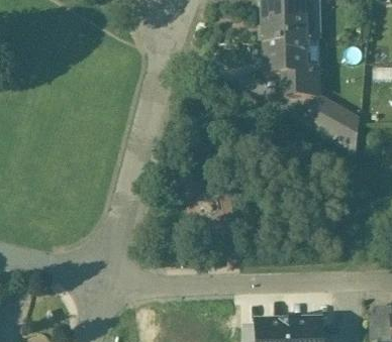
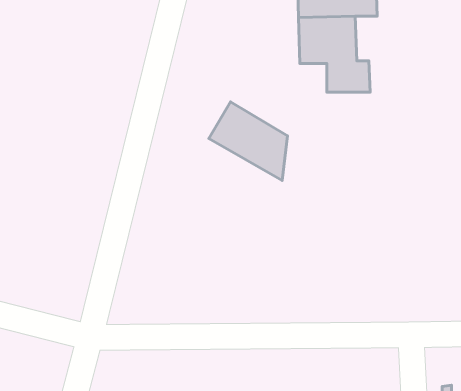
building: [301,93,360,151] -> [209,102,287,181]

